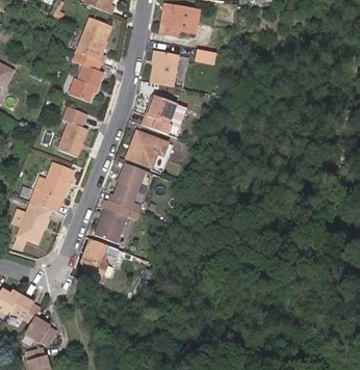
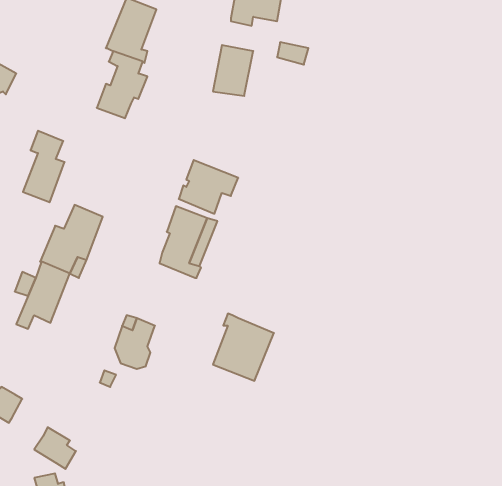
building: [142,95,176,134] -> none
building: [57,106,86,156] -> [23,131,65,202]
building: [95,199,137,245] -> [213,314,274,381]
building: [9,293,38,322] -> none

